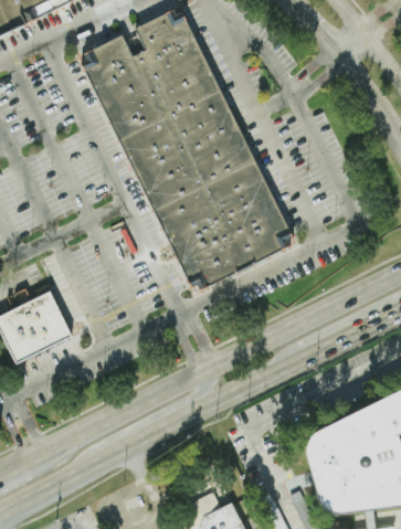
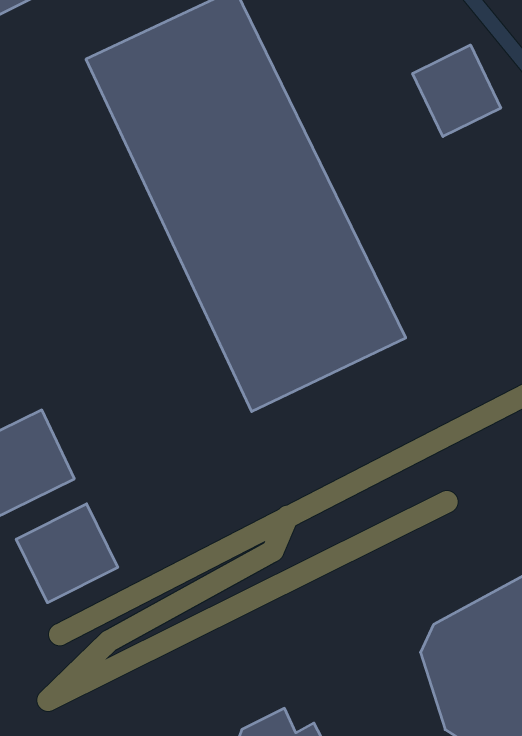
building: none -> [413,45,501,137]
building: none -> [16,504,118,603]

